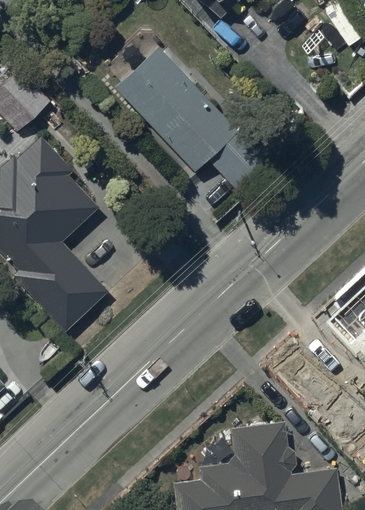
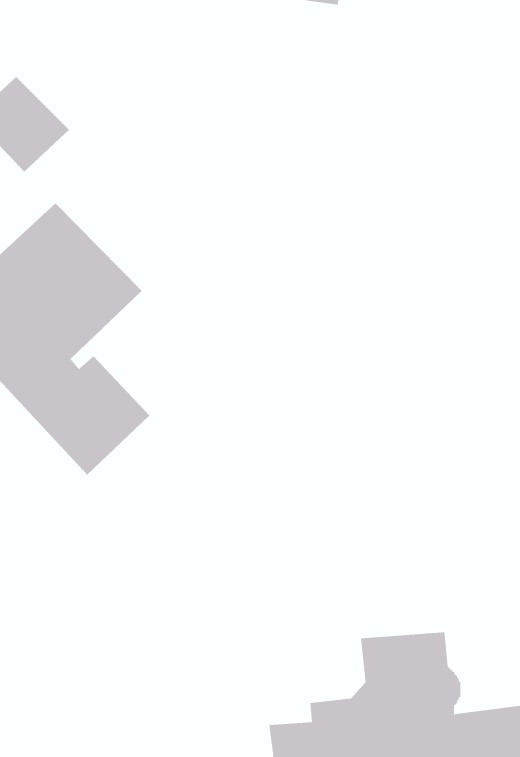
building: [116,56,260,201] -> none

